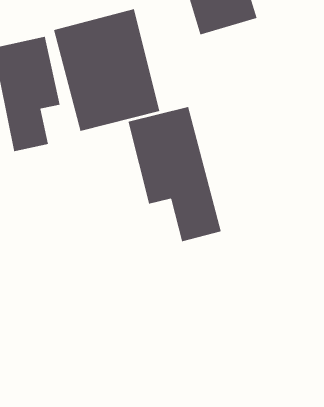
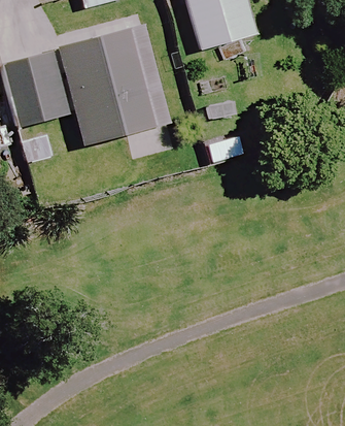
building: [128,106,222,242] -> none

